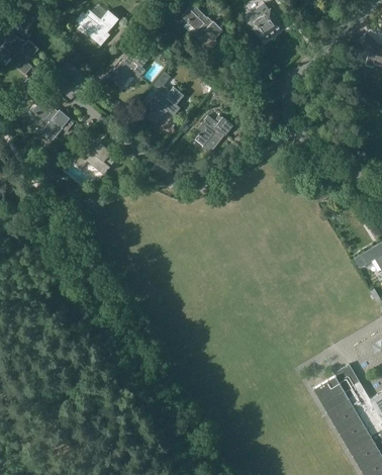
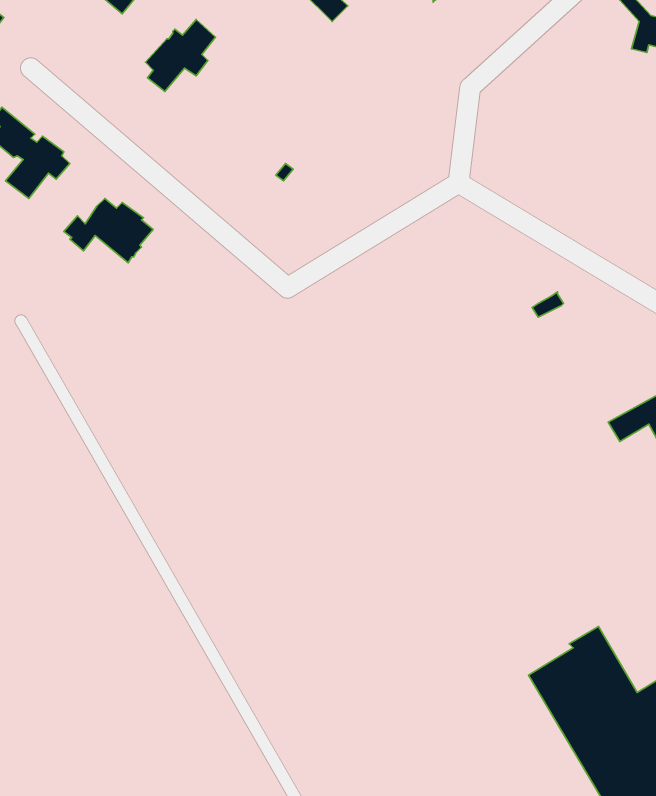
building: [147,72,183,124] -> none
building: [194,115,232,155] -> none

